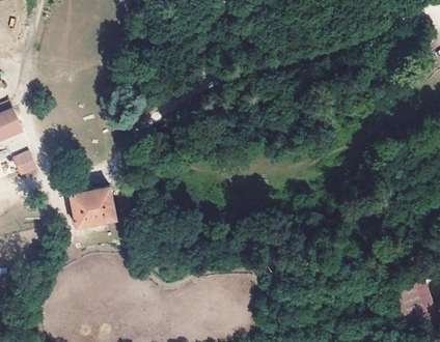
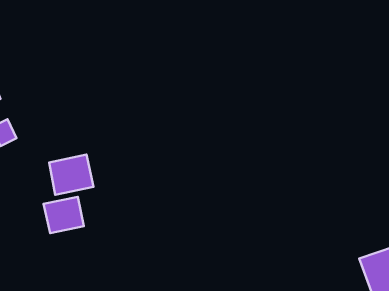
building: none -> [43,197,84,233]

